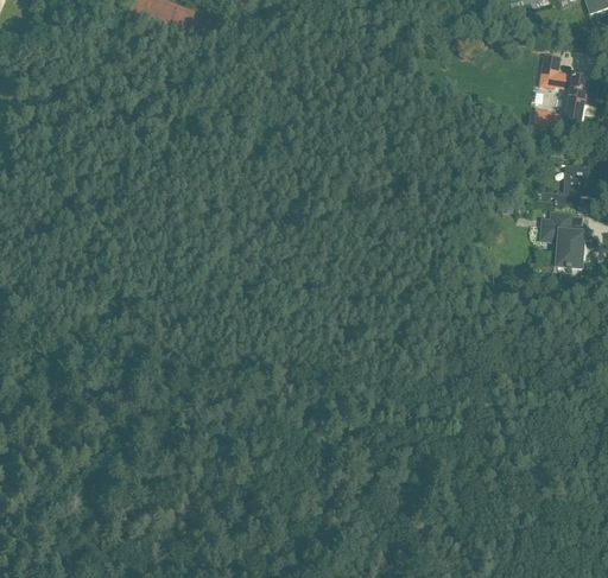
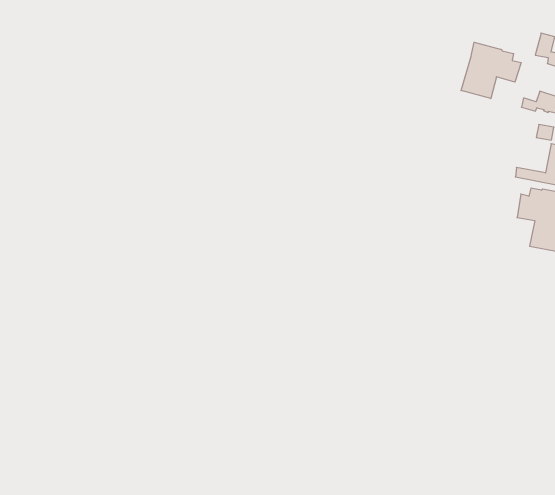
building: none -> [461,42,521,99]

